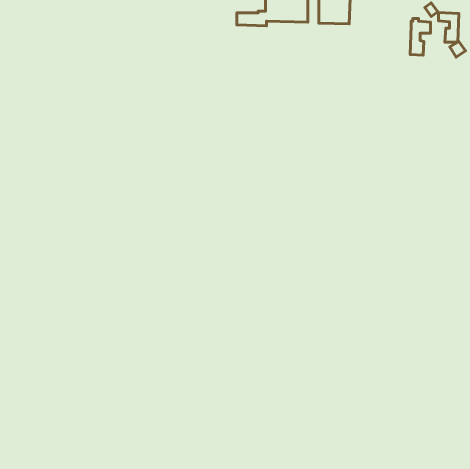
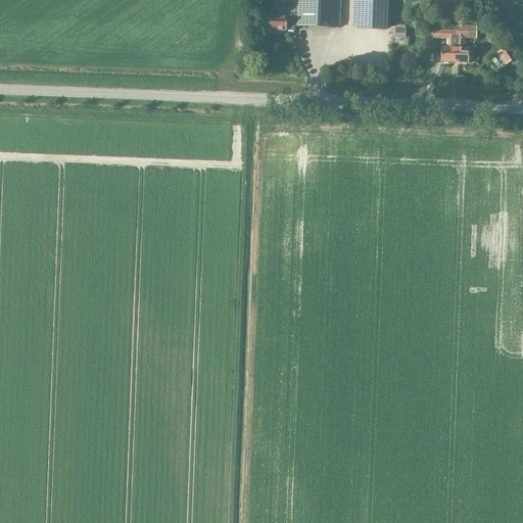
building: [439,13,459,42] -> [433,28,456,60]

